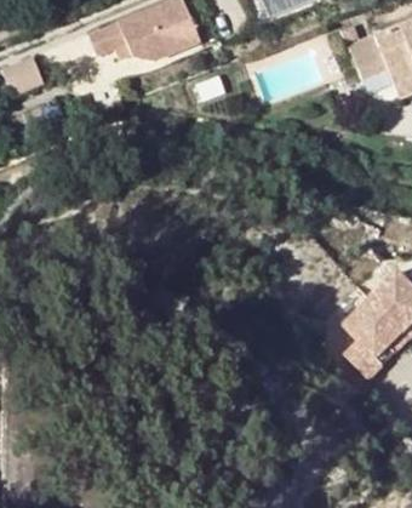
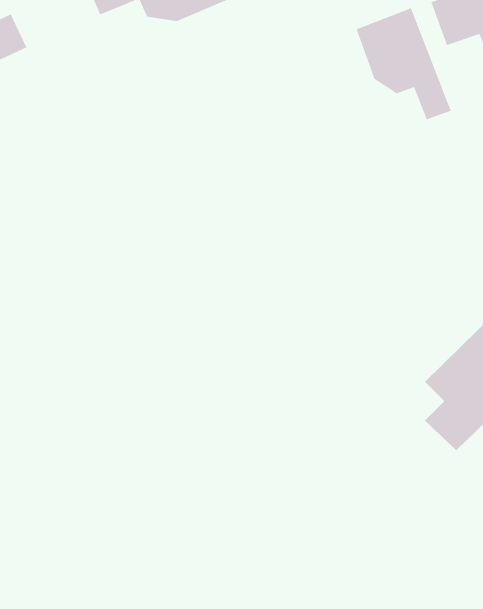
building: none -> [356,7,451,120]

